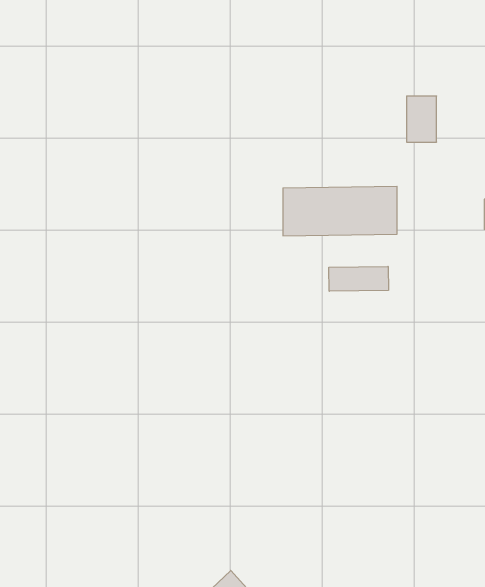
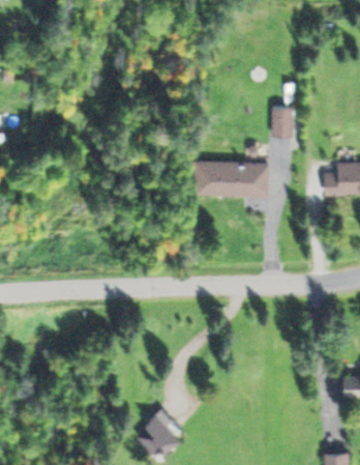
building: [329,266,388,291] -> none

